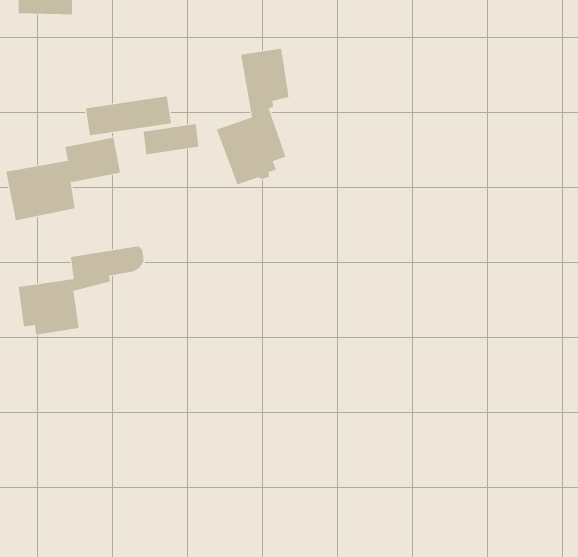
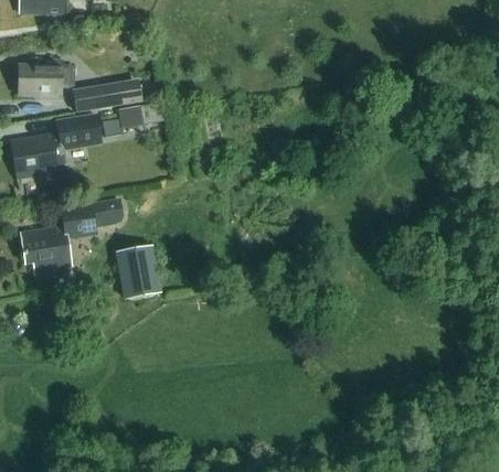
building: [216,48,289,185] -> none
building: none -> [19,60,74,99]
building: none -> [118,246,160,298]

